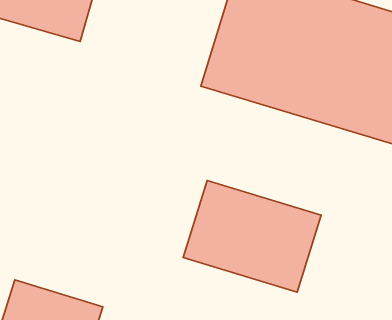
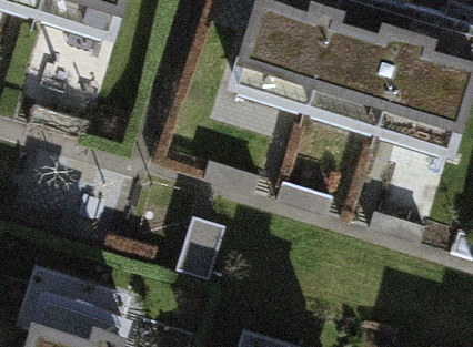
building: [183,181,321,292] -> none

